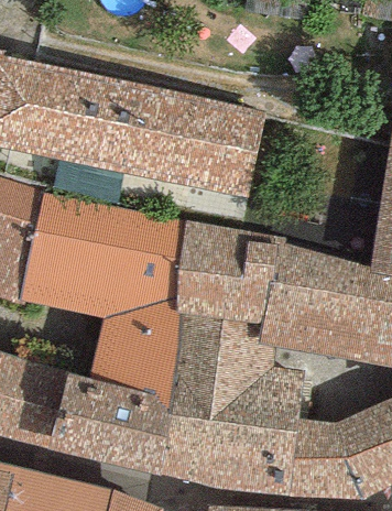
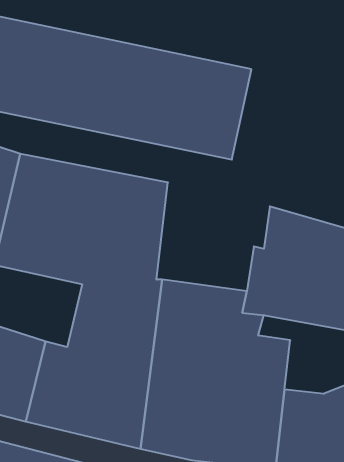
building: [174,219,284,324] -> none

